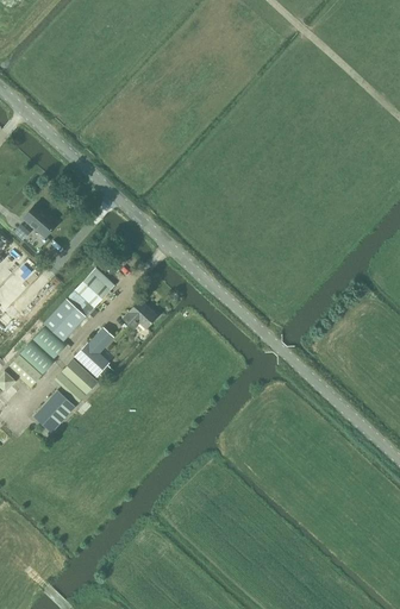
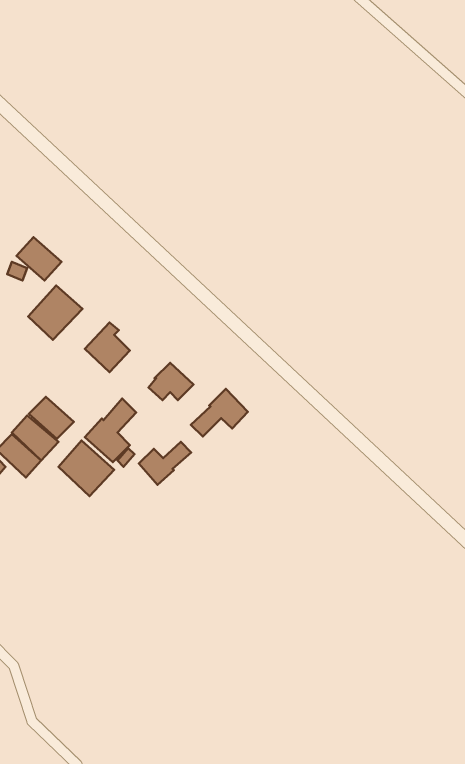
building: [44,299,86,340] -> [28,285,82,340]
building: none -> [191,389,248,436]
building: none -> [139,442,191,485]
building: [33,389,75,433] -> none

